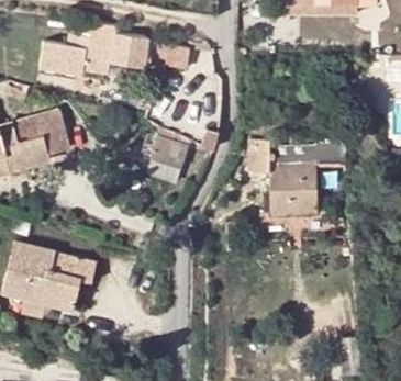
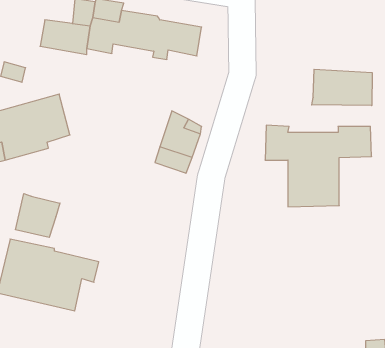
building: none -> [312,69,372,106]
building: none -> [16,194,60,237]

